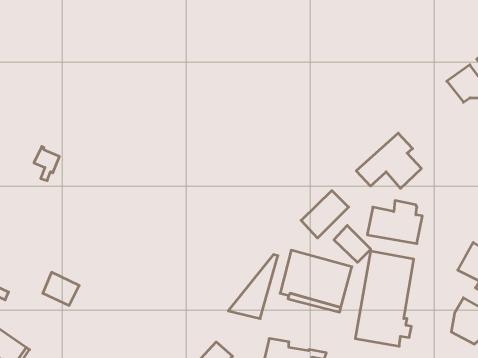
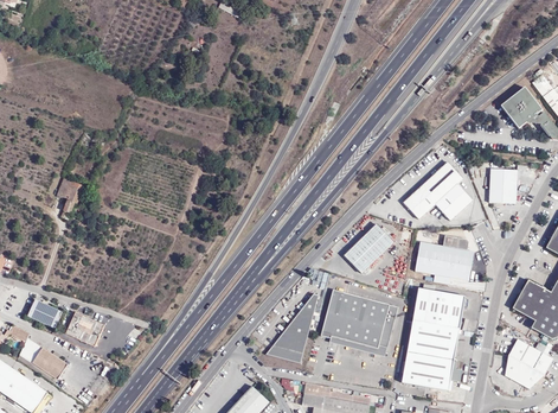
building: none -> [488,169,517,203]
building: [334,225,371,262] -> none
building: none -> [32,299,66,328]
building: none -> [32,347,68,379]

